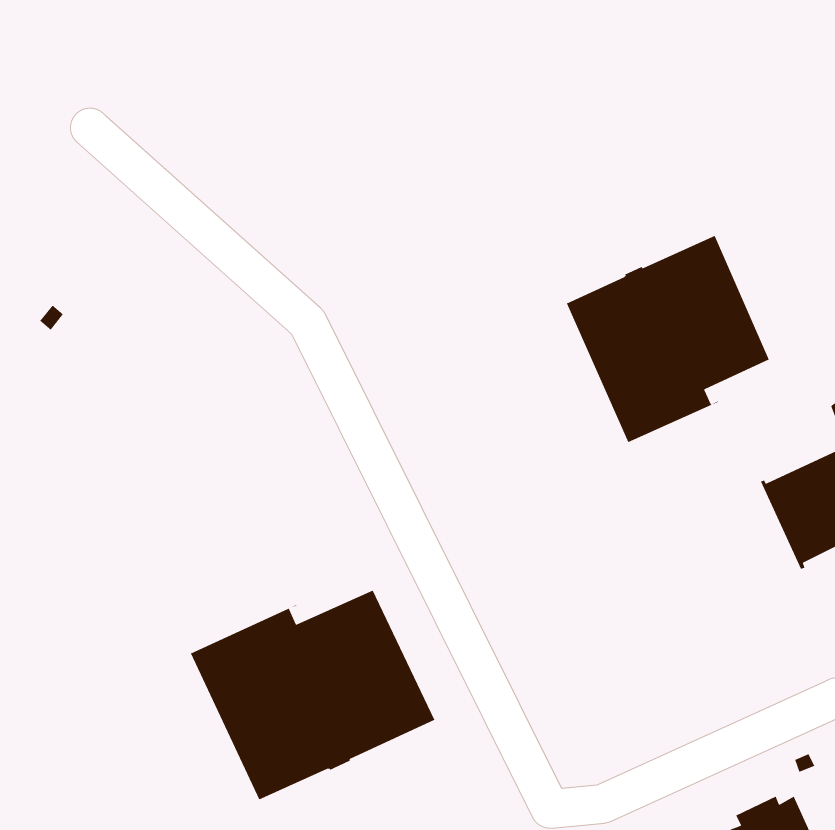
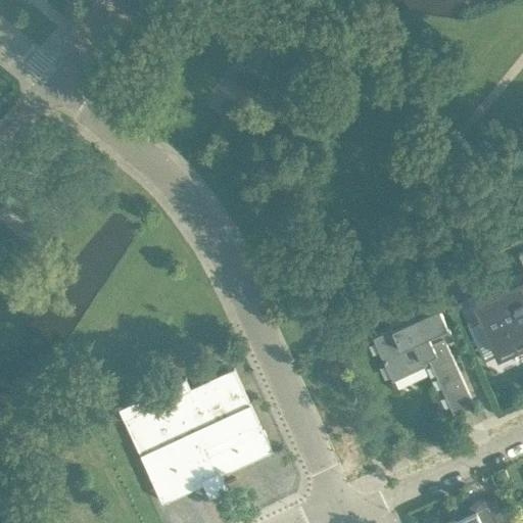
building: [566,235,770,443] -> none
building: none -> [373,310,473,416]

